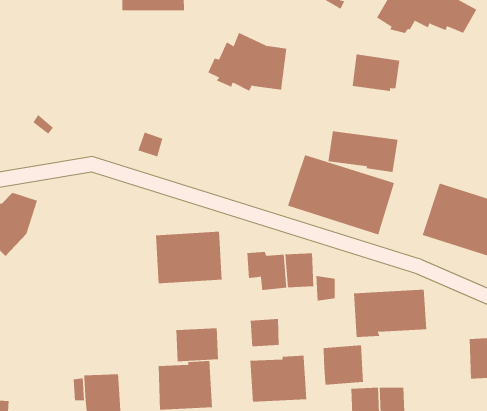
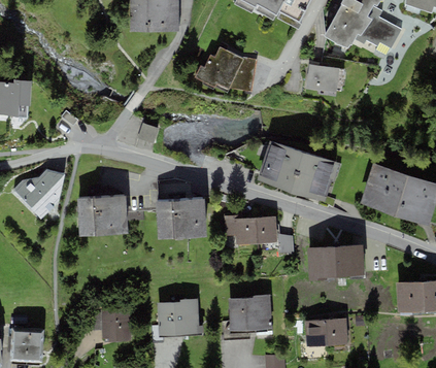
building: [328,130,398,173] -> none
building: none -> [76,195,128,236]
building: [250,318,279,347] -> none
building: [176,327,219,362] -> none
building: [323,345,363,385] -> none

